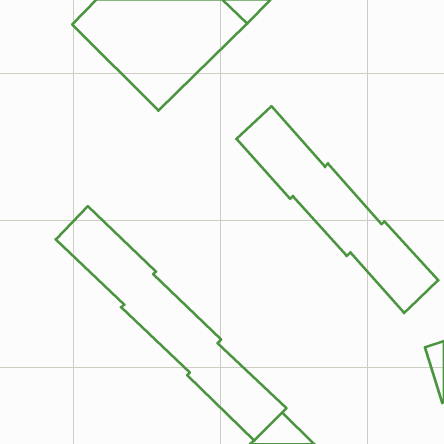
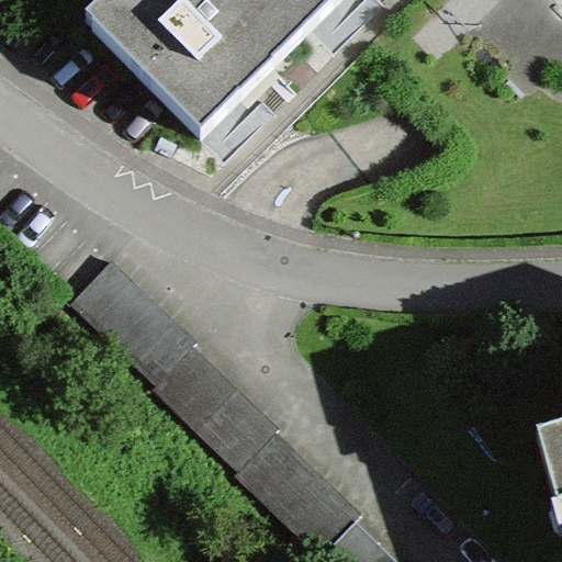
building: [236,106,438,313] -> none

